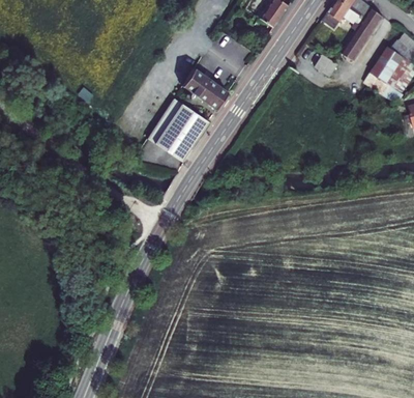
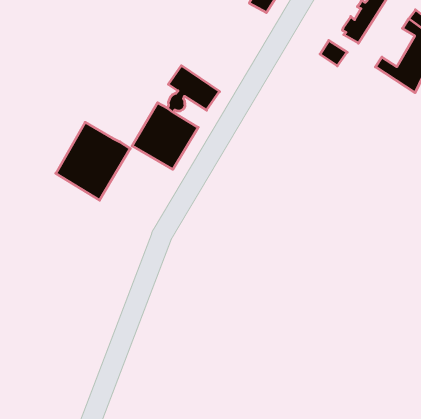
building: [372,48,402,82] -> none
building: none -> [56,122,130,200]

